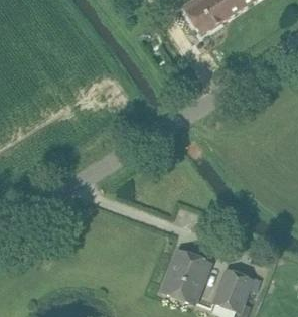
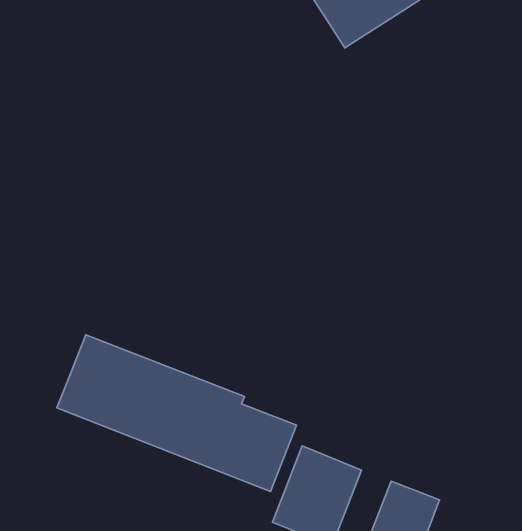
building: none -> [57,335,296,491]

